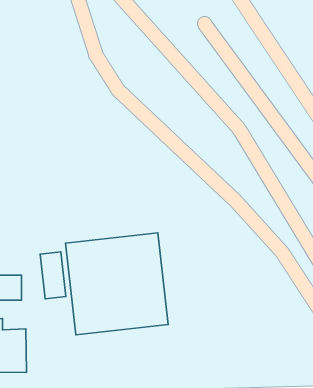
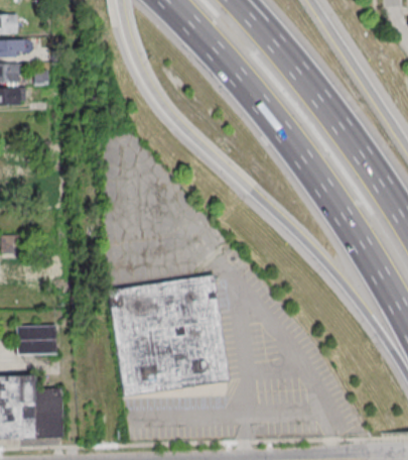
building: [40,252,66,299] -> none

